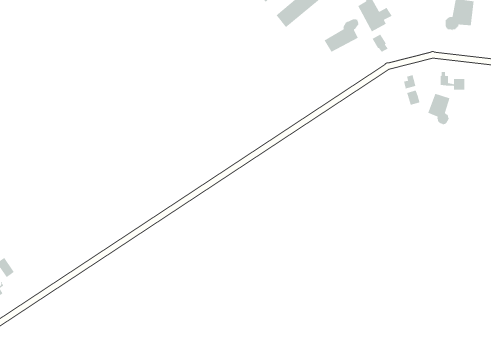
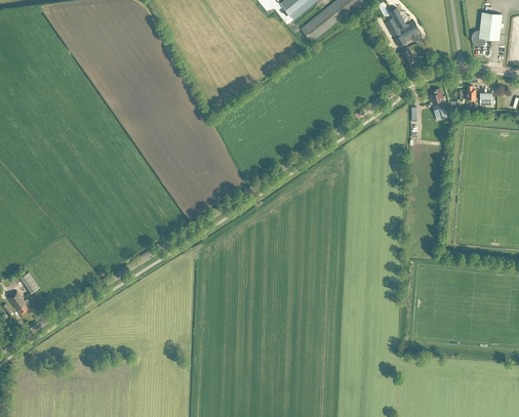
building: [323,18,360,53] -> none
building: [427,93,451,125] -> none

